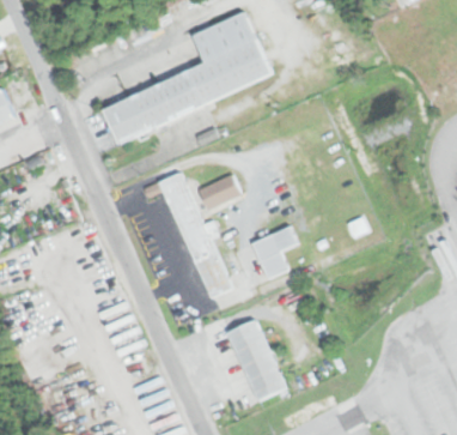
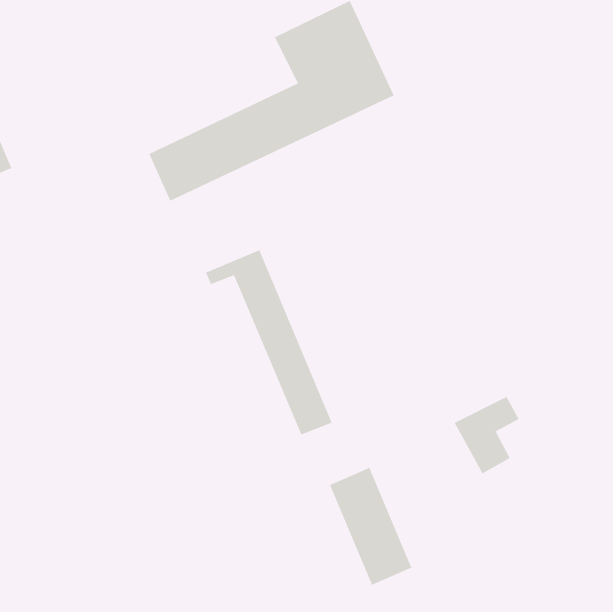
building: [200,175,243,211] -> none
building: [252,228,297,280] -> [454,396,519,474]

